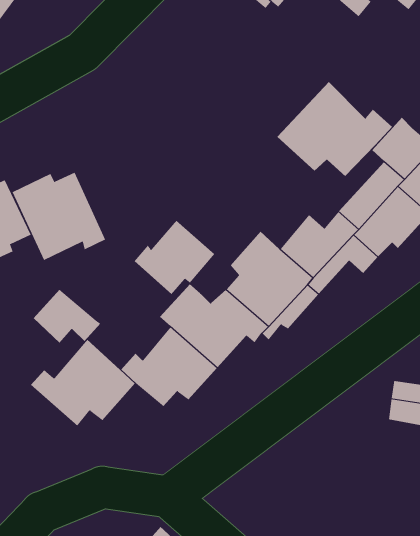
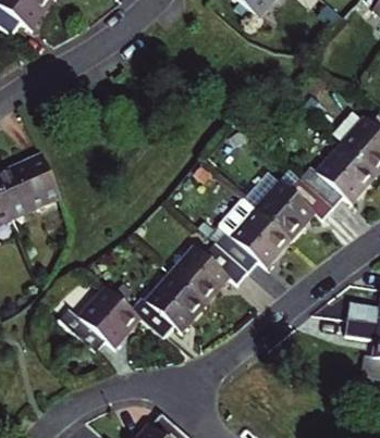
building: [276,81,393,177] -> none
building: [12,172,106,261] -> none
building: [134,220,215,295] -> none
building: [33,289,101,344] -> none

